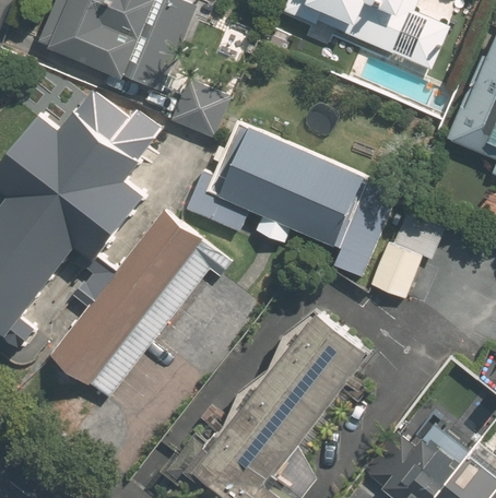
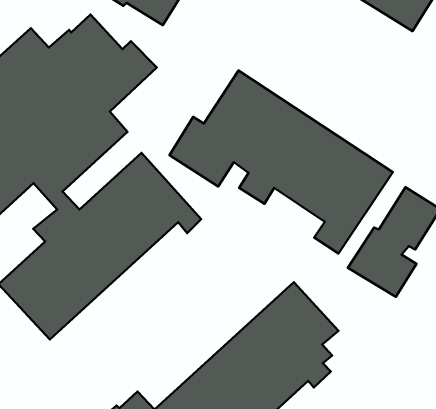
building: [167,73,232,139] -> none

